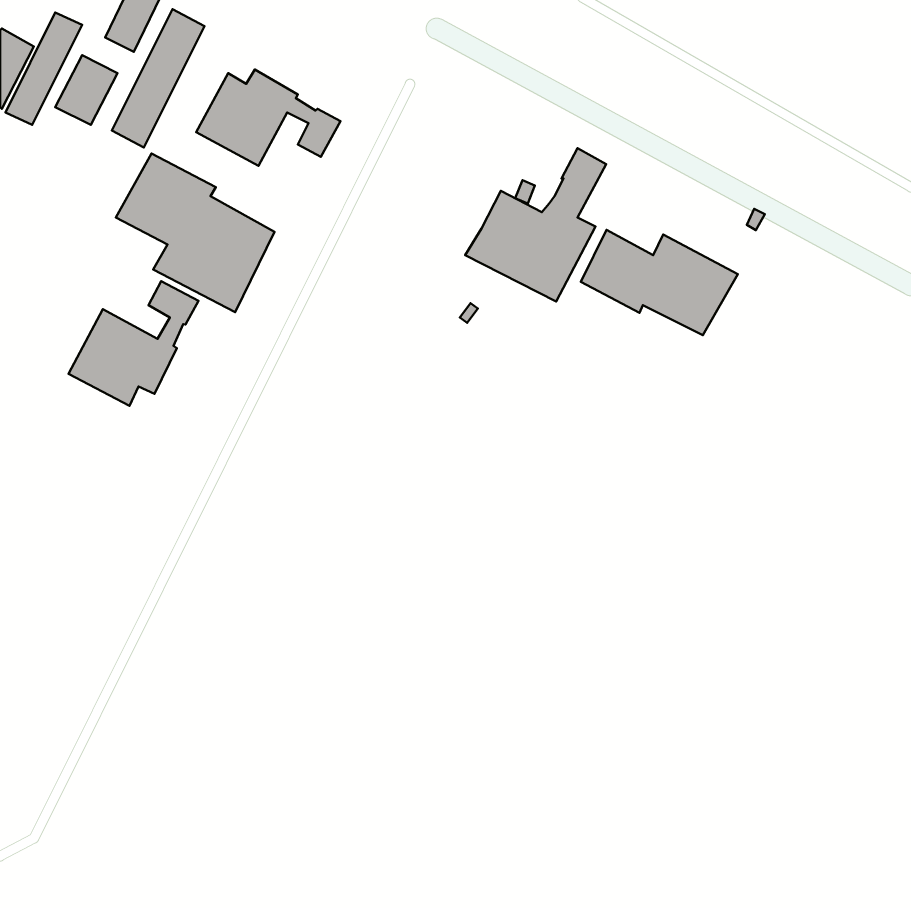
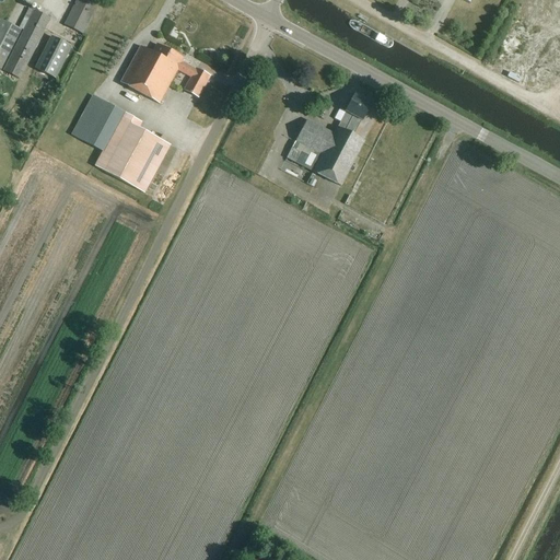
building: [112,9,204,148] -> none
building: [581,230,738,335] -> none
building: [69,281,198,406] -> none

